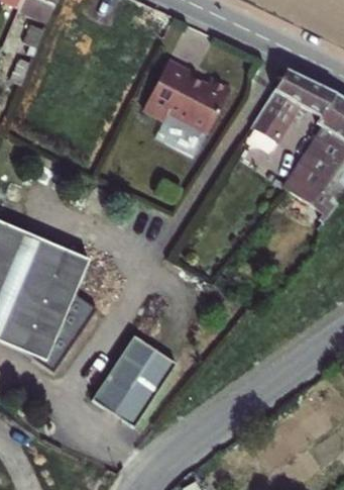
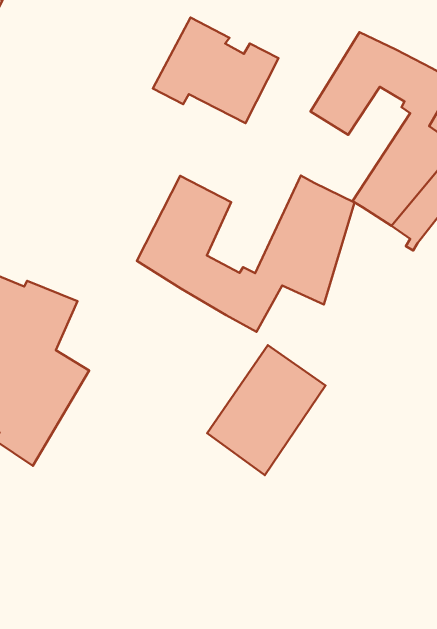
building: none -> [137,176,354,332]
building: [93,334,176,425] -> [207,345,326,475]

